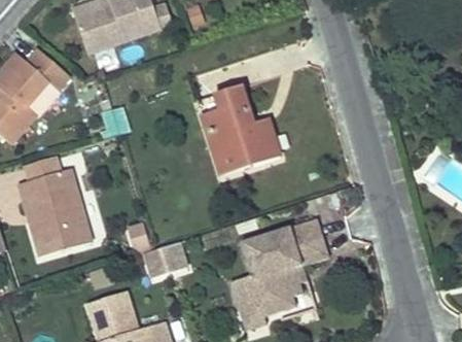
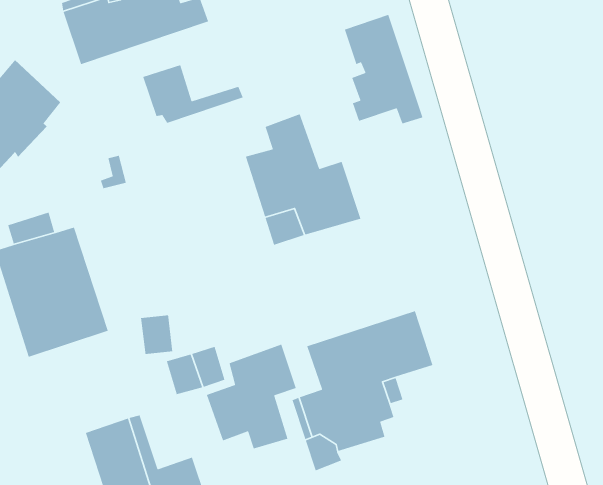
building: none -> [344,14,424,125]
building: none -> [142,64,244,124]
building: none -> [206,344,297,450]

